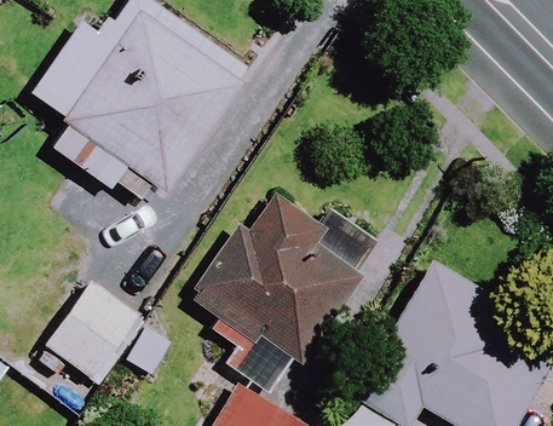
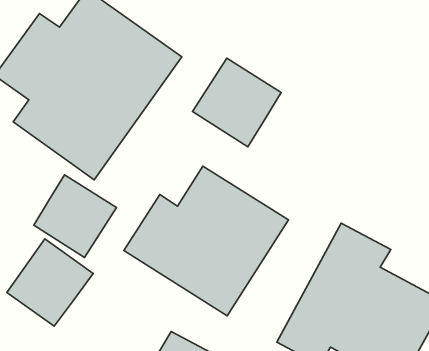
building: none -> [192,58,281,147]
building: none -> [34,175,117,258]

